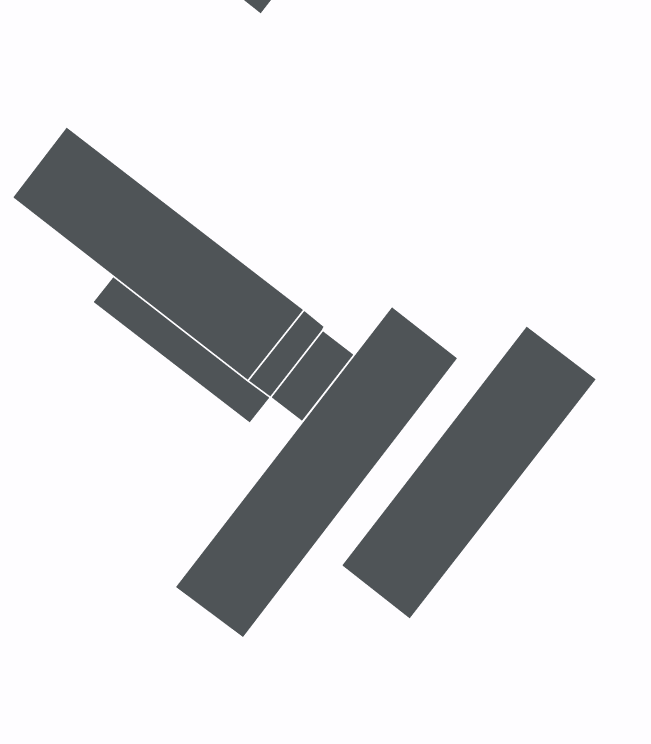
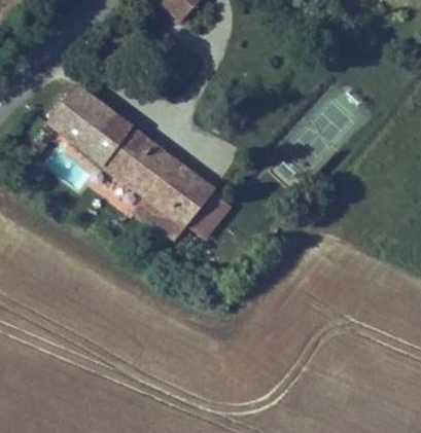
building: [175,306,458,638] -> none
building: [341,326,597,620] -> none

